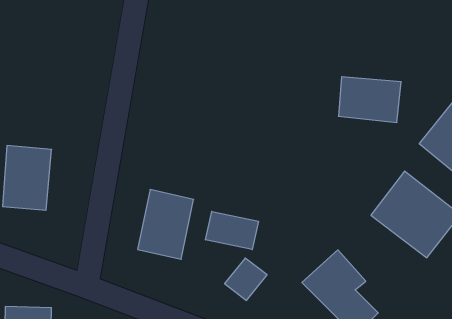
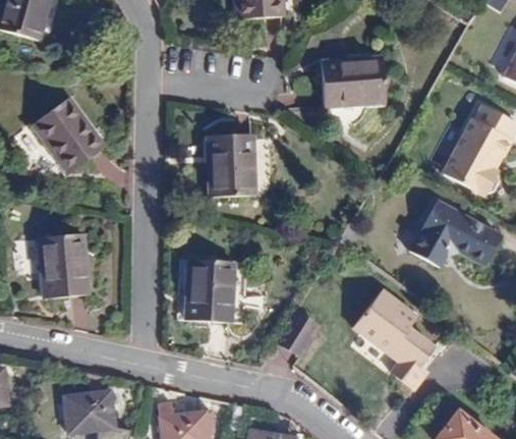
building: none -> [33,96,104,170]
building: none -> [209,133,254,194]
building: [338,77,401,122] -> [322,59,384,103]
building: [206,211,258,250] -> none

